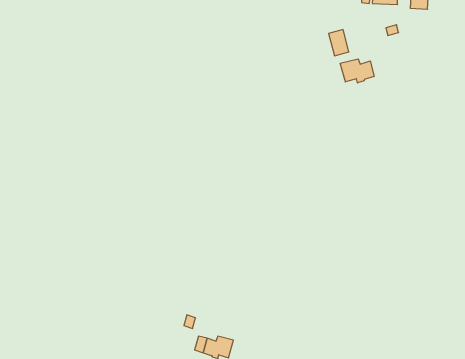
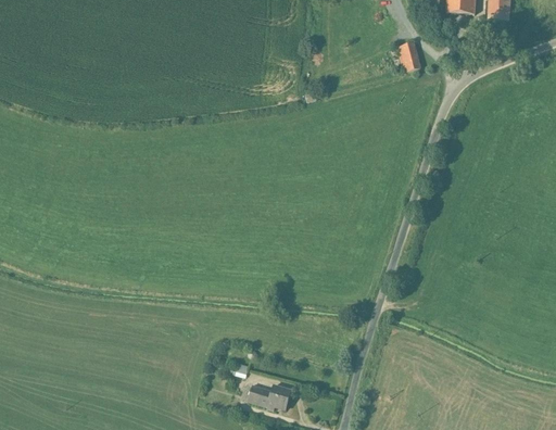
building: [340,59,374,83] -> none

